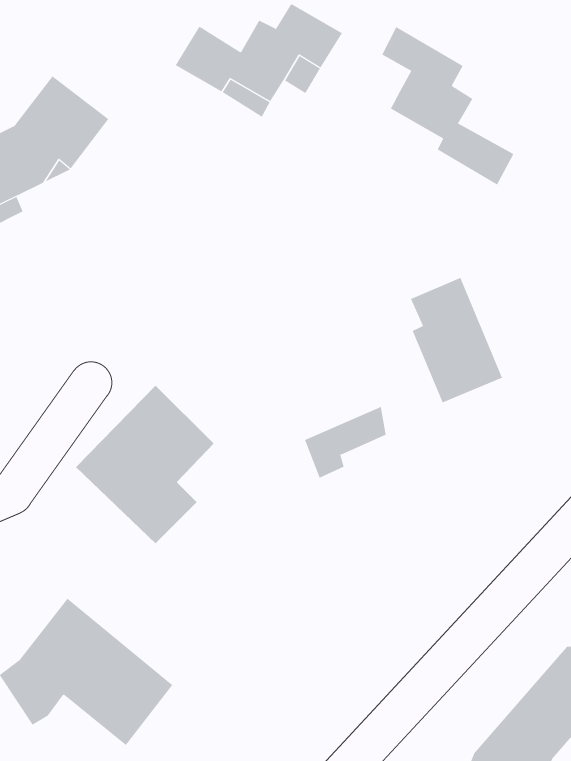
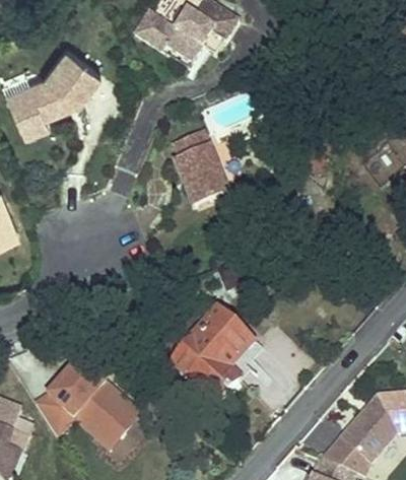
building: [381,26,514,185] -> none
building: [410,277,503,403] -> [175,131,230,207]
building: [75,385,214,544] -> [172,305,256,402]

